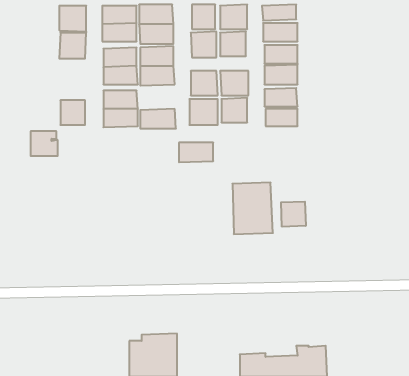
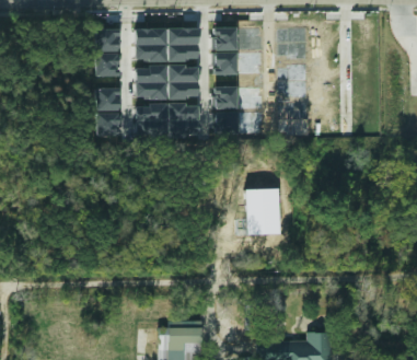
building: [31,131,58,156] -> [97,89,121,111]
building: [179,143,213,162] -> [169,104,199,121]
building: [281,202,306,227] -> none

